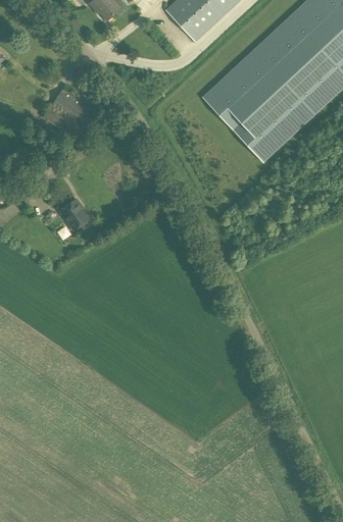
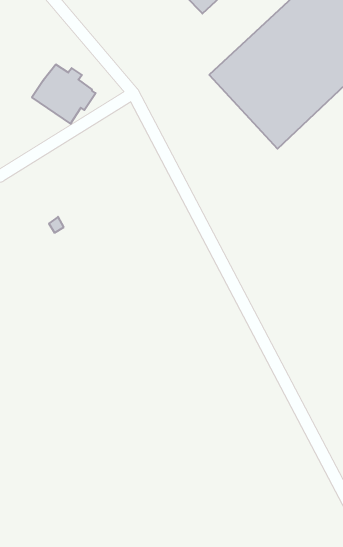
building: [61,200,89,231] -> none

